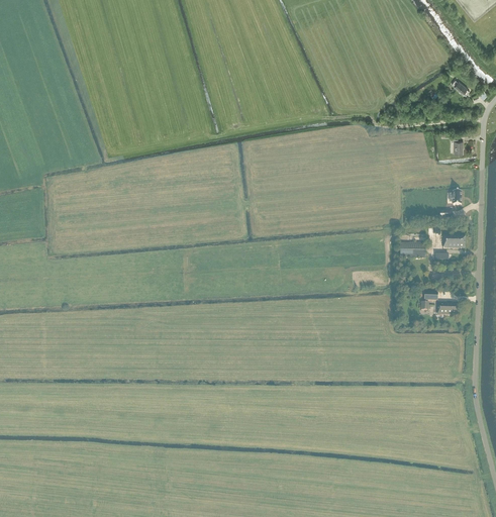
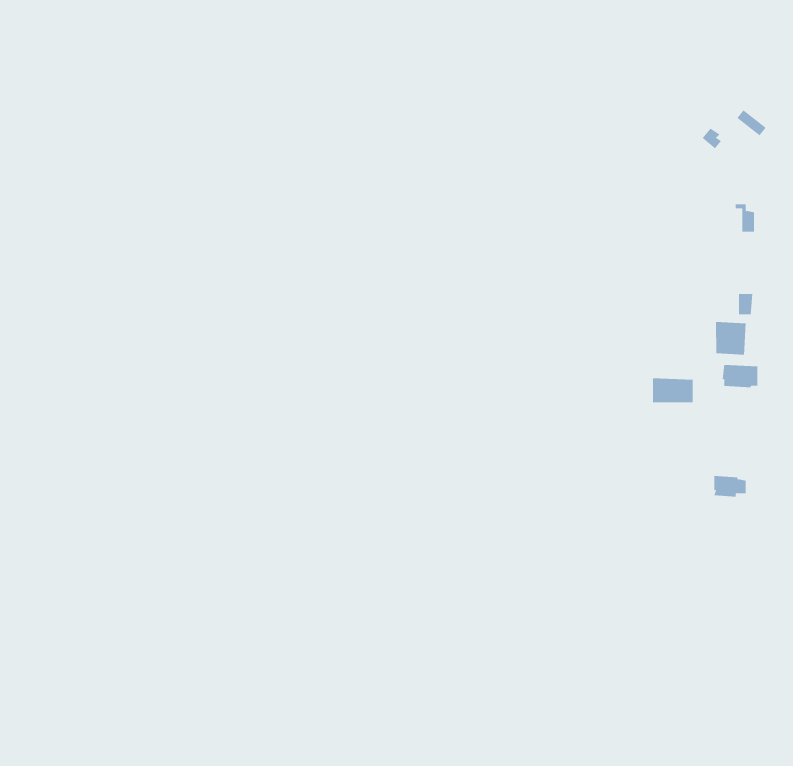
building: none -> [715,321,746,355]

